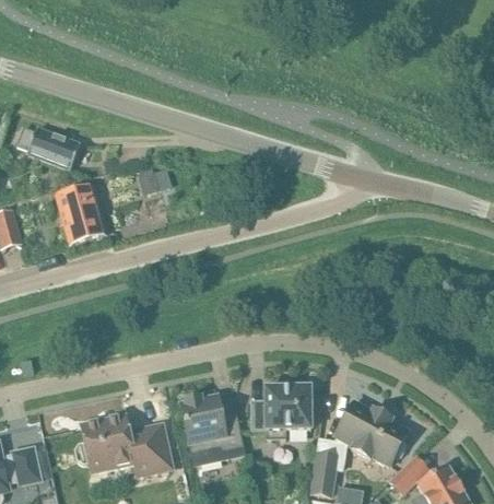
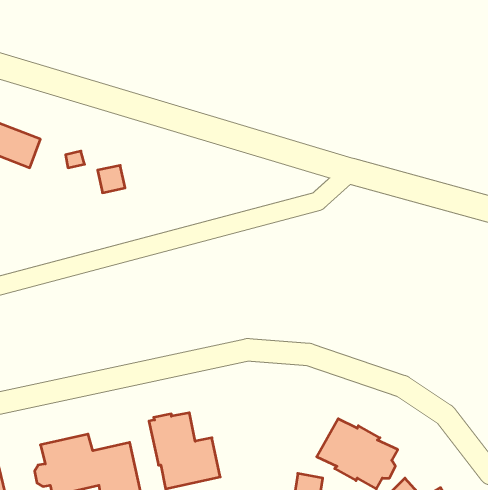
building: [57,185,108,244] -> none
building: [250,382,314,437] -> none

